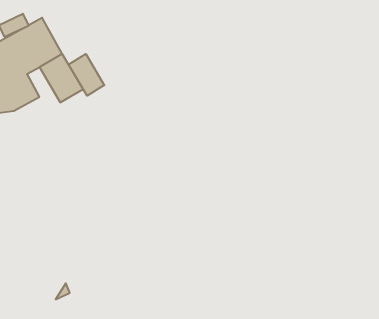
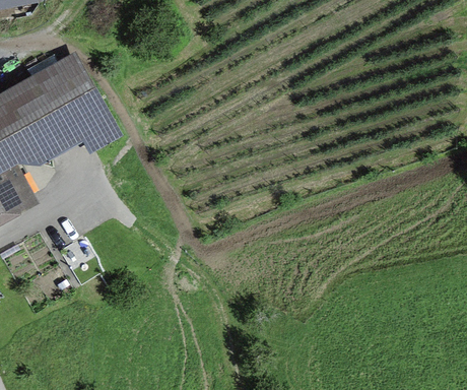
building: [68,54,104,96] -> none

